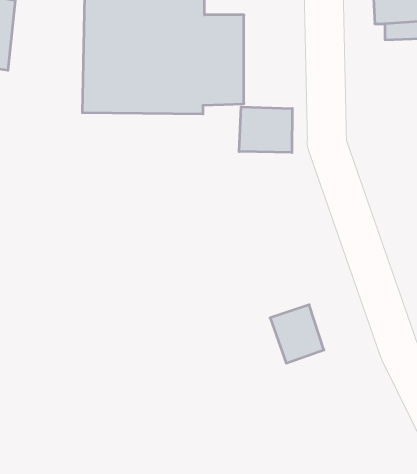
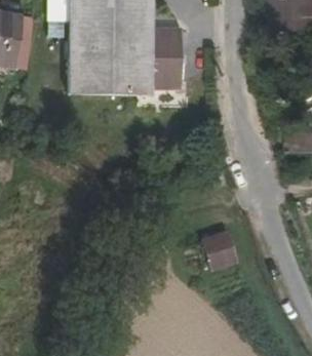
building: [239,107,292,153] -> none

